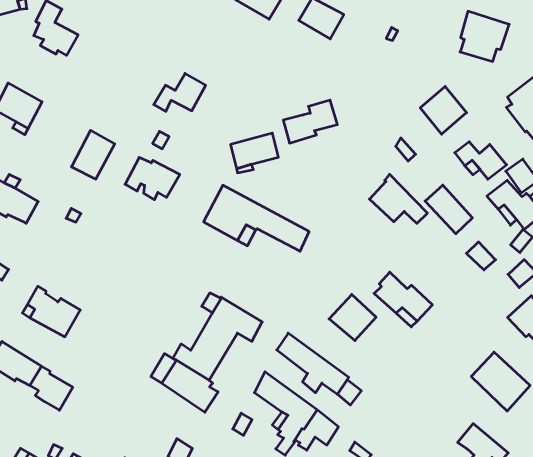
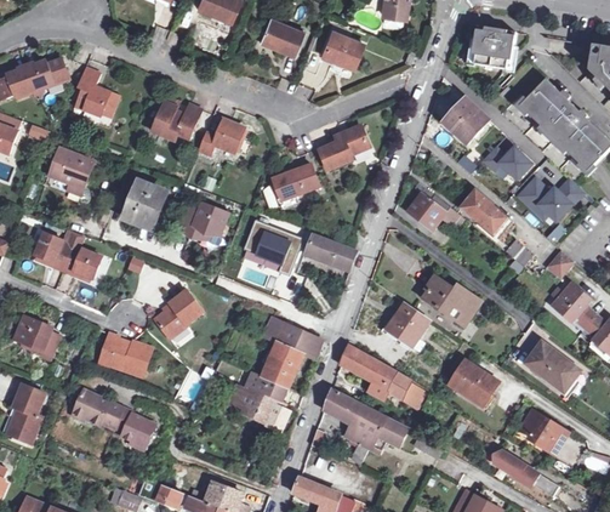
building: none -> [152,96,200,141]
building: none -> [156,290,204,339]
building: none -> [449,359,498,409]

